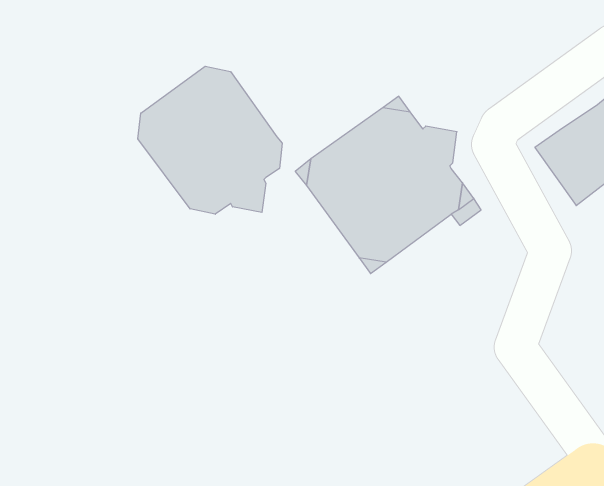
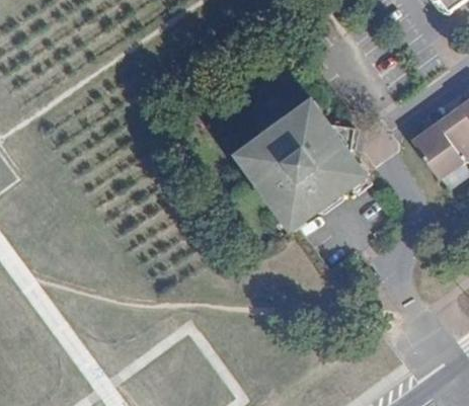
building: [138,66,282,214] -> none

